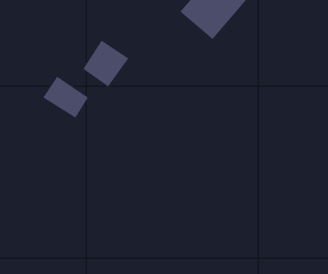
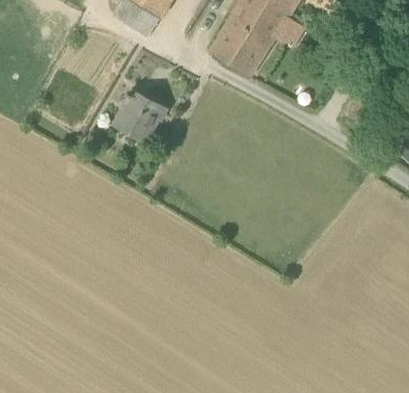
building: [43,76,89,118] -> none

